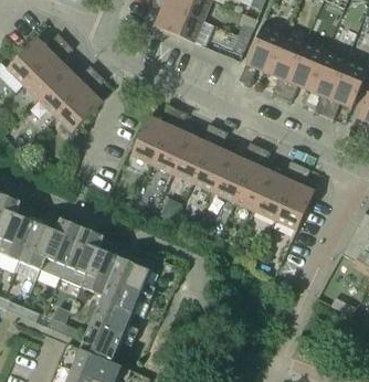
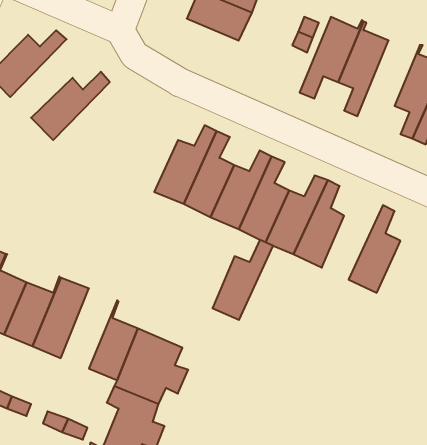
building: [23,41,73,99] -> none
building: [282,42,328,102] -> none
building: [55,73,105,132] -> none
building: [255,160,301,220] -> [212,240,273,320]
building: [61,226,103,286] -> none

